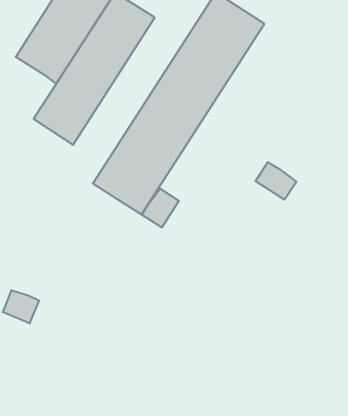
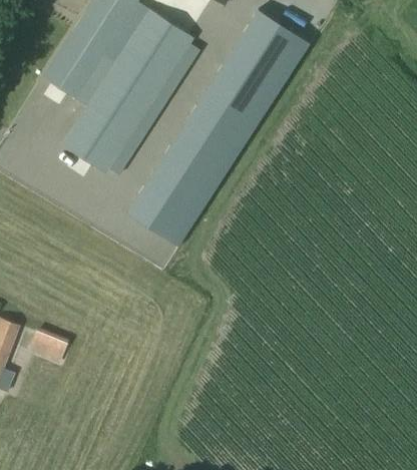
building: [256,162,296,200] -> none
building: [142,188,179,228] -> none

